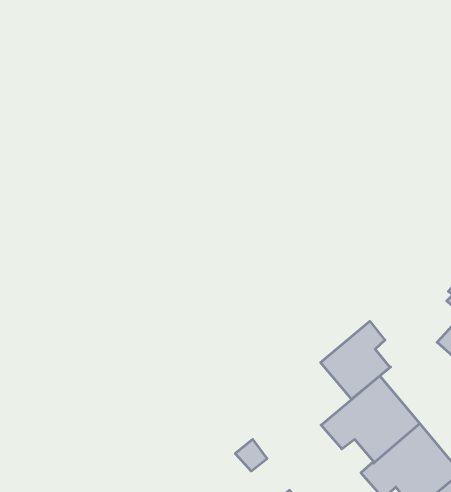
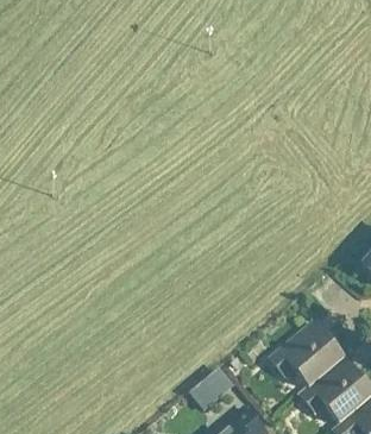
building: [321,321,391,399] -> none

